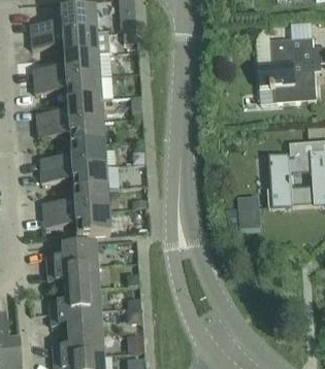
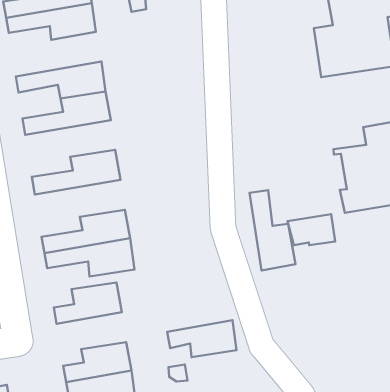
building: [33,52,99,79] -> none
building: [37,119,103,143] -> none
building: [40,164,106,189] -> none
building: none -> [249,190,296,270]
building: [47,263,98,288] -> [167,320,237,357]

